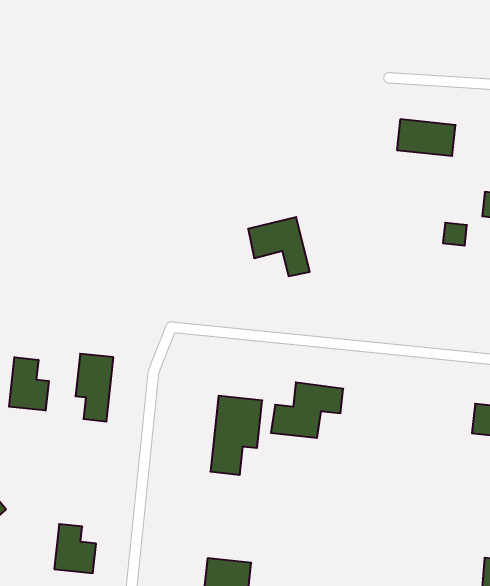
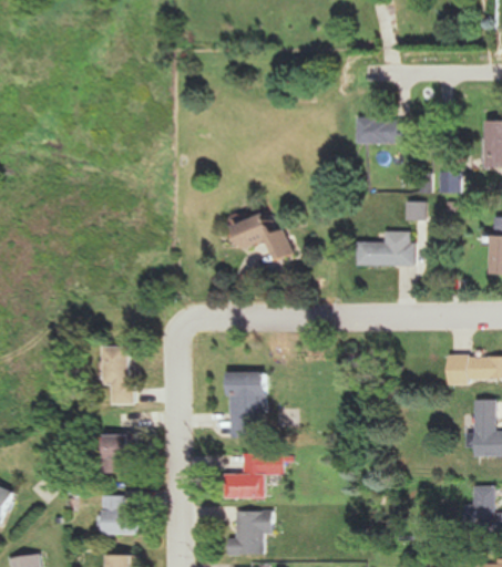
building: none -> [356,233,412,266]
building: [9,357,49,411] -> none
building: [271,382,343,438] -> [223,452,280,497]
building: none -> [106,432,132,473]

